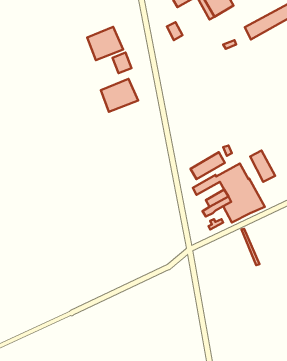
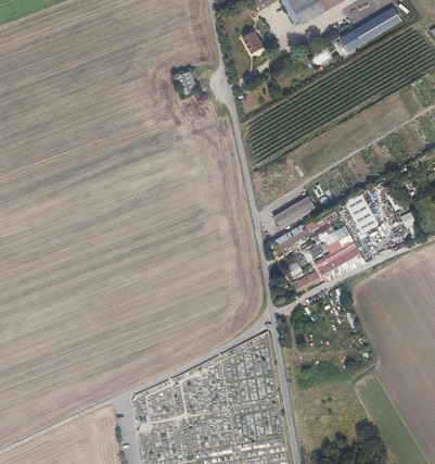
building: [87,27,123,60] -> none
building: [101,79,138,112] -> none

